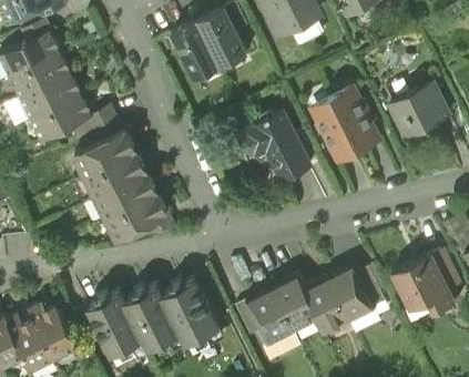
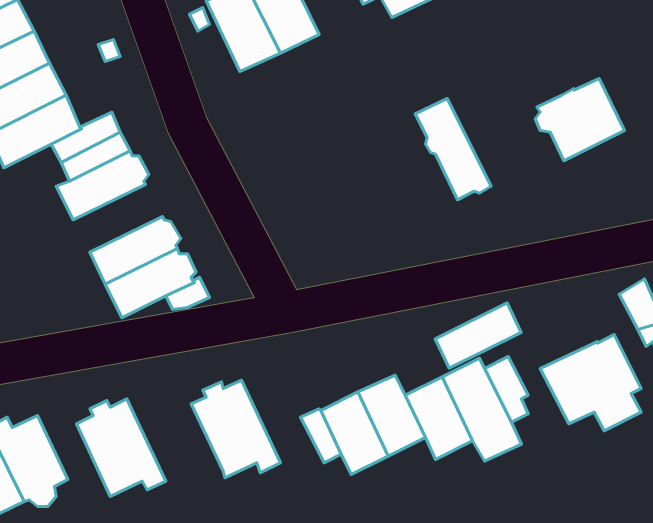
building: [330,85,379,153] -> none
building: [241,110,309,180] -> none
building: [84,152,144,196] -> none
building: none -> [435,303,521,368]
building: [124,286,183,350] -> none

